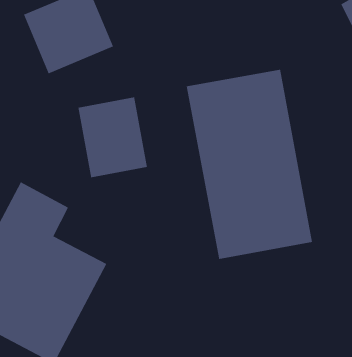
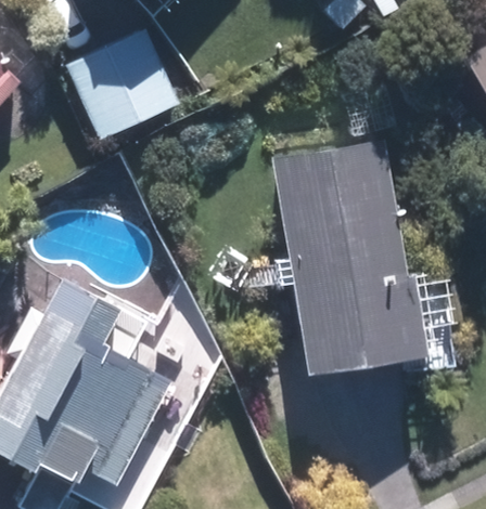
building: [78,97,148,178] -> none

